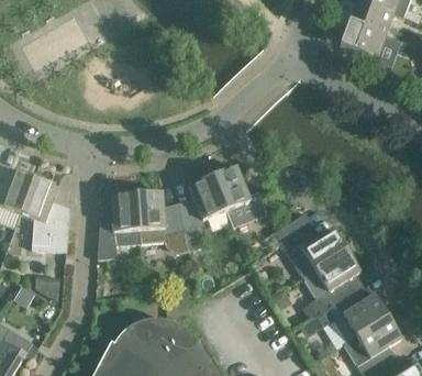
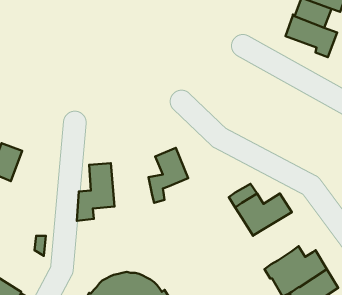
building: [212,166,267,228] -> none
building: [20,178,68,252] -> none
building: [136,191,189,254] -> none
building: [303,250,360,316] -> none

